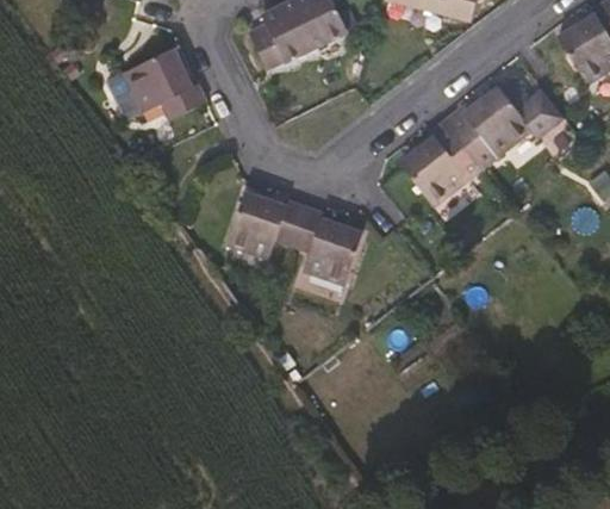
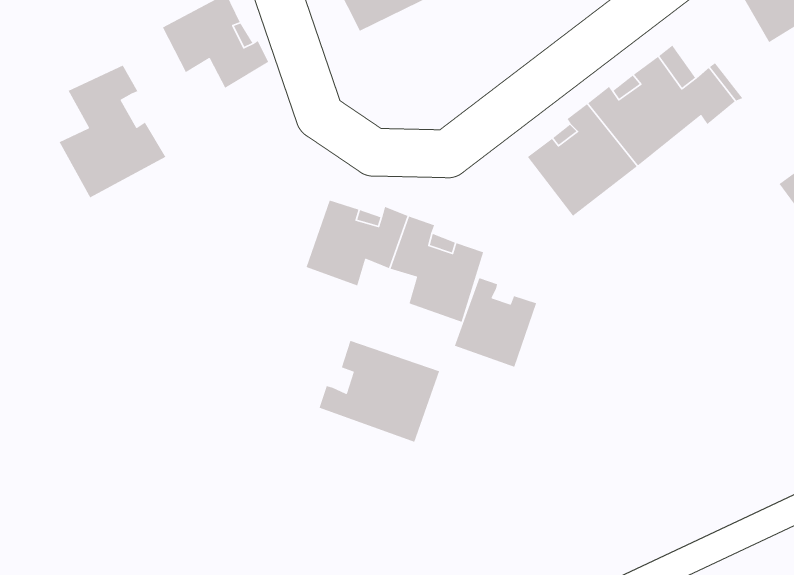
building: none -> [58,65,167,198]
building: none -> [454,277,537,368]
building: none -> [318,340,440,443]

